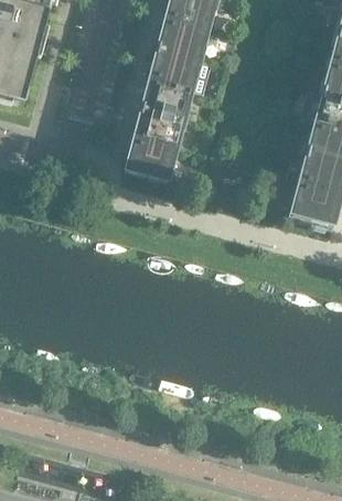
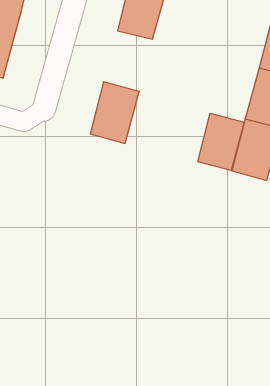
building: [141,50,199,120] -> none
building: none -> [198,113,244,171]

